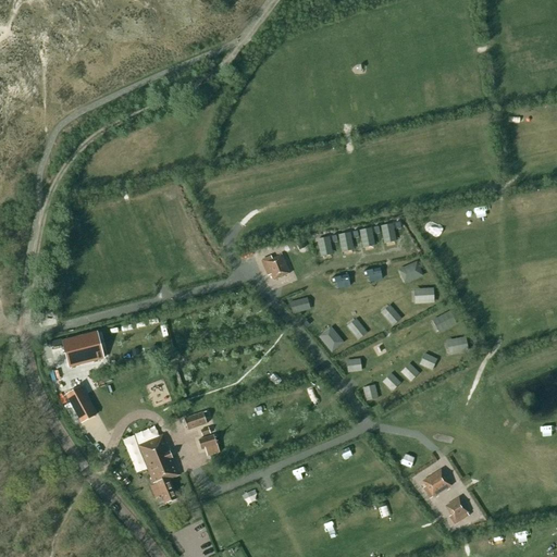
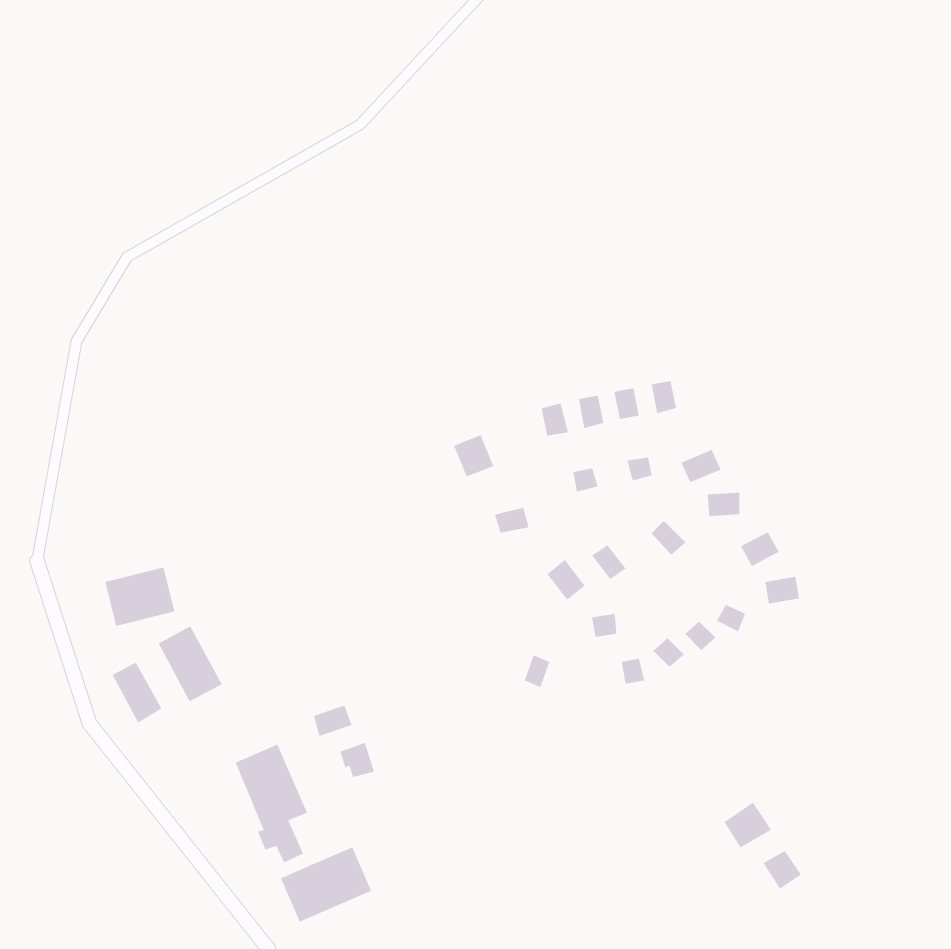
building: none -> [158,625,222,702]
building: none -> [280,847,372,922]

